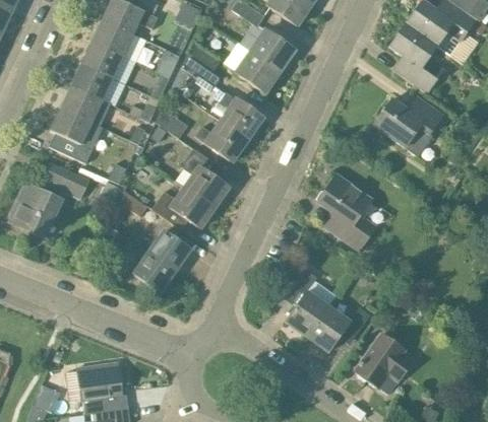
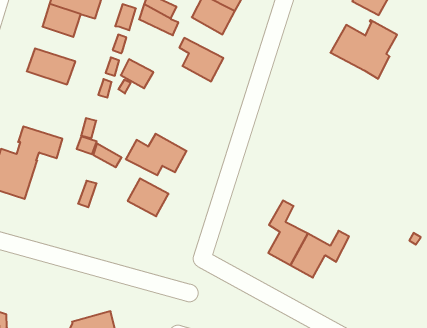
building: [72,64,113,99] -> none
building: [50,108,103,163] -> none
building: [195,121,248,162] -> none
building: [182,148,229,208] -> none
building: [317,175,376,250] -> none
building: [133,252,176,292] -> none
building: [356,334,412,395] -> none

